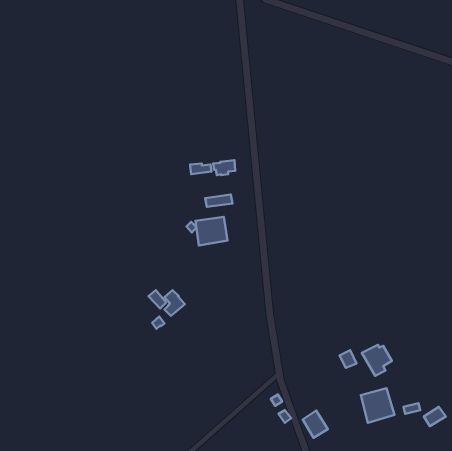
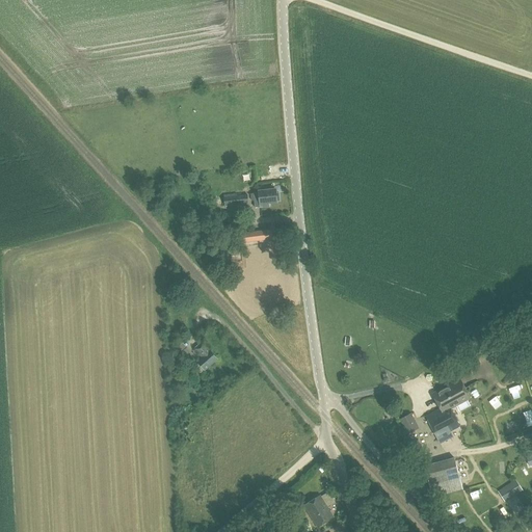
building: [195,217,228,245] -> none
building: none -> [436,381,467,408]
building: [303,411,328,438] -> [304,494,334,526]

